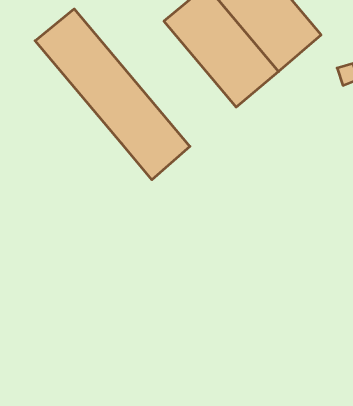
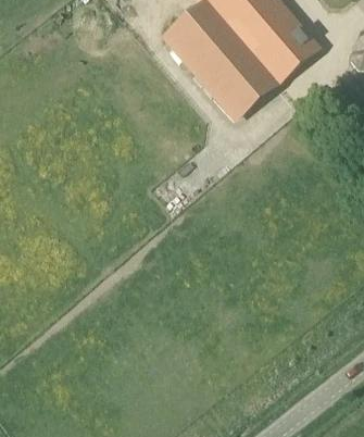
building: [35,9,190,180] -> none

